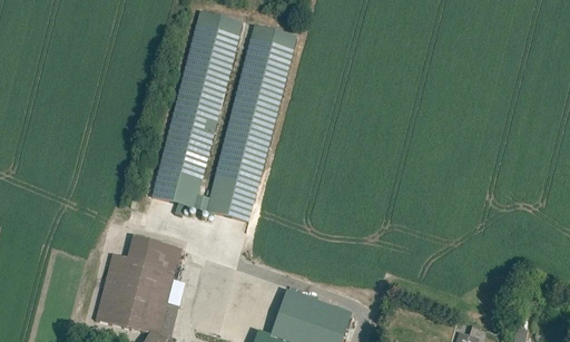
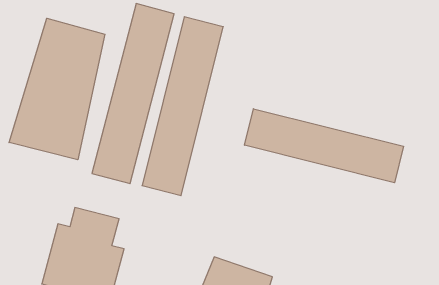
building: none -> [9,18,105,160]
building: none -> [245,109,403,183]

